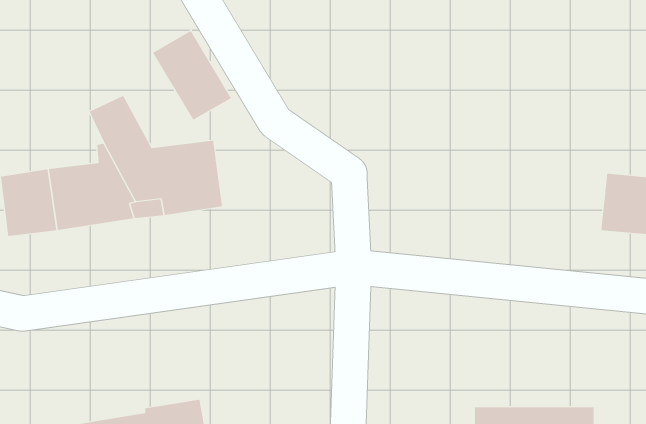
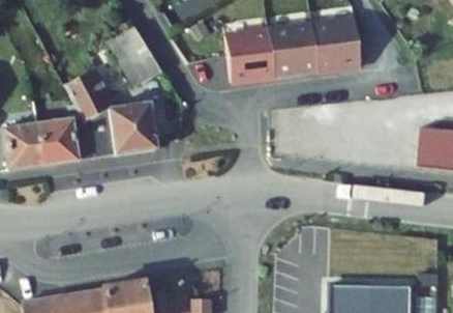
building: none -> [225,13,361,77]

